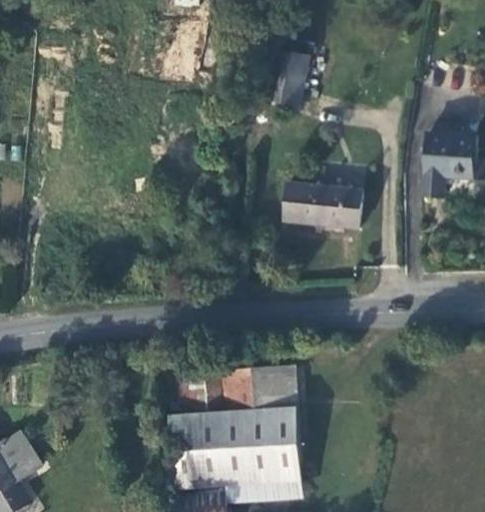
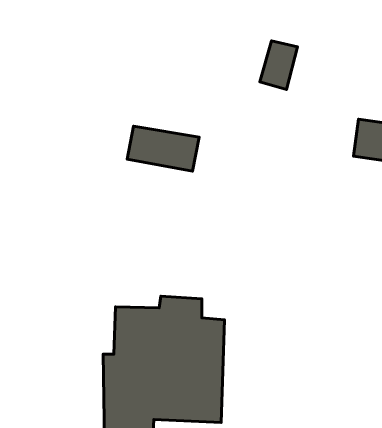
building: [270,55,308,107] -> [260,41,297,90]
building: [284,188,361,232] -> [127,126,199,171]

